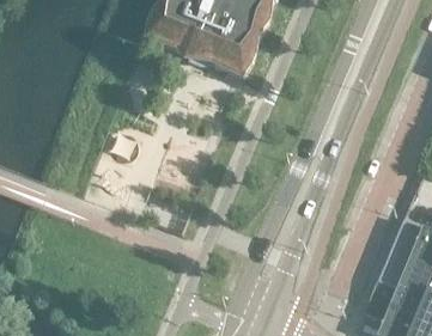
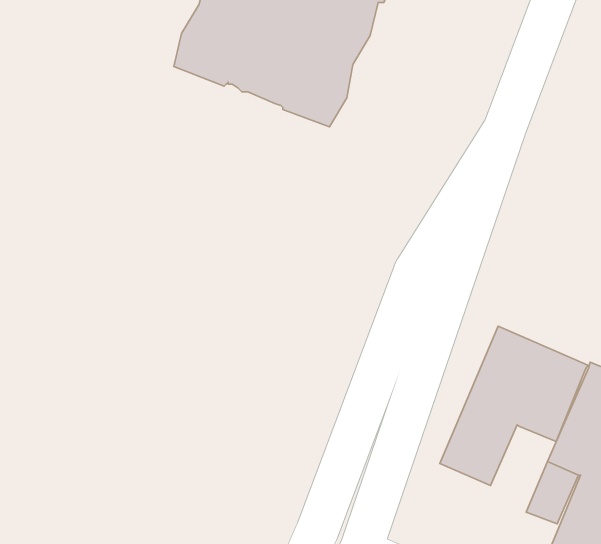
building: none -> [440,326,588,485]

